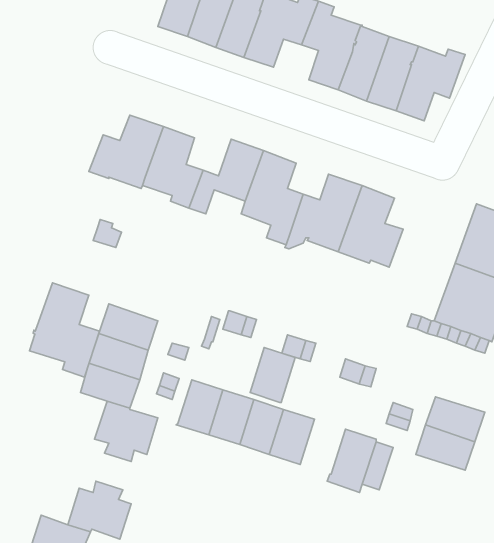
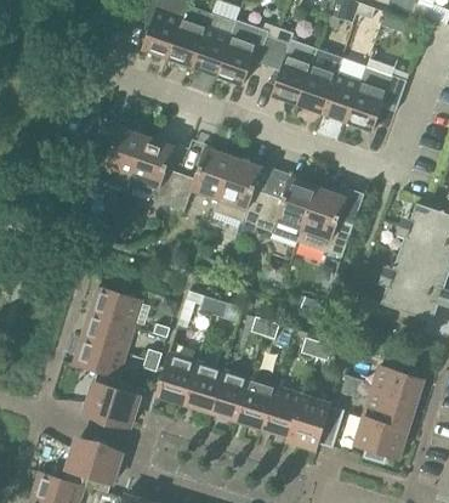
building: [30,283,99,377] -> none
building: [250,348,295,402] -> [266,388,305,435]
building: none -> [357,418,408,464]

